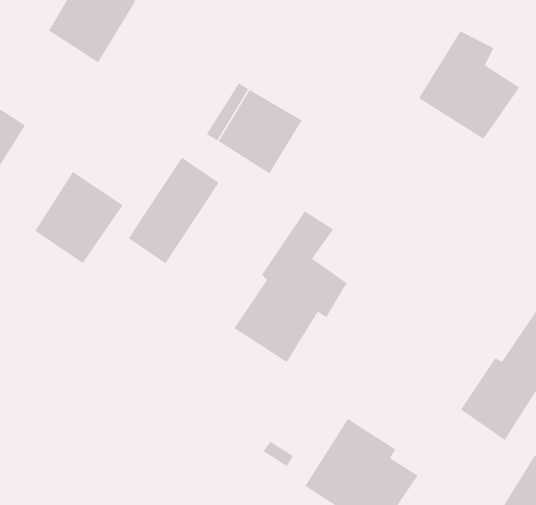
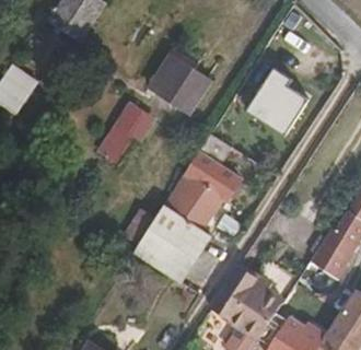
building: [418,31,520,140] -> [245,68,310,137]
building: [34,171,124,264] -> none
building: none -> [131,206,208,282]

